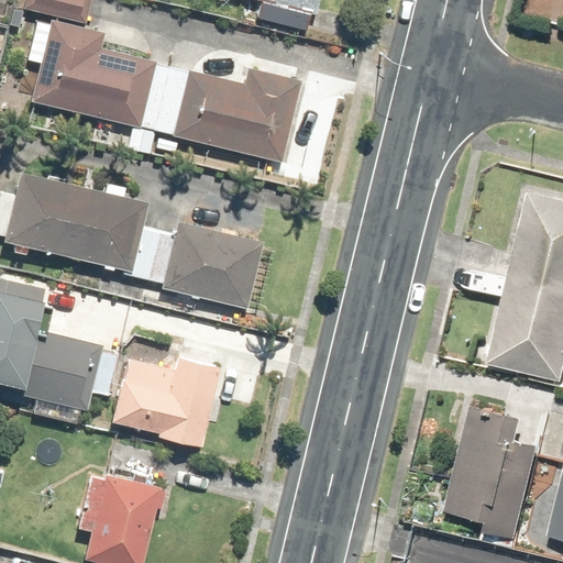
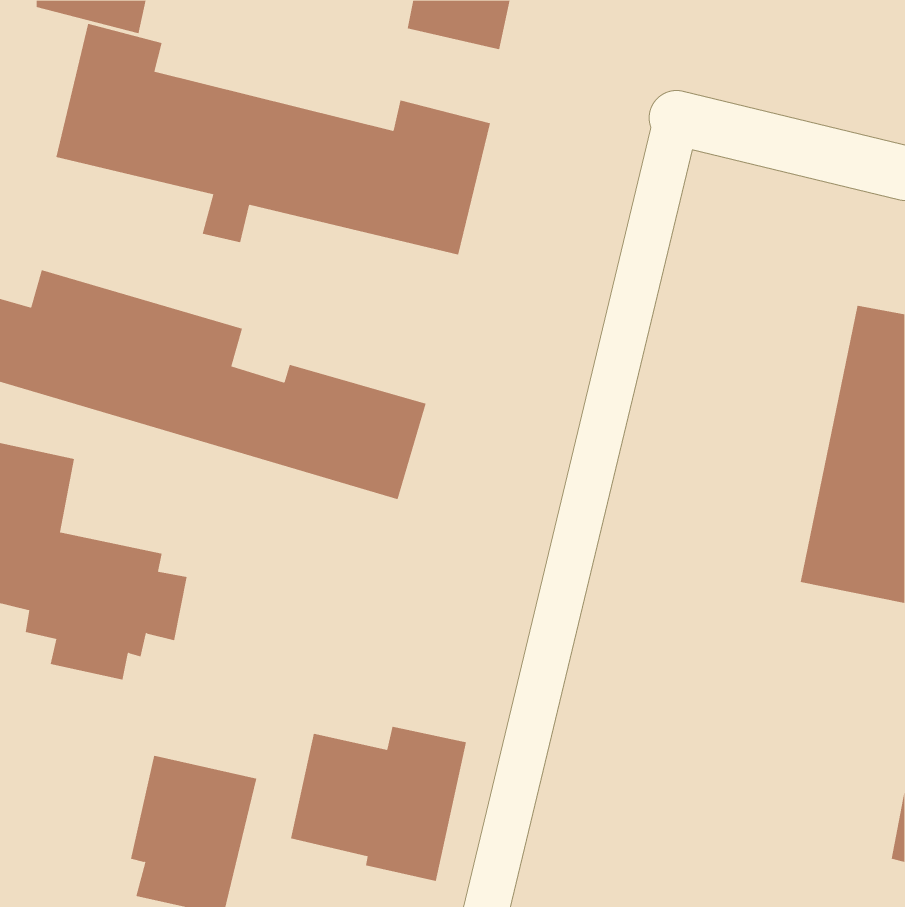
building: [113,352,222,448] -> [290,726,467,882]
building: [444,409,539,539] -> none

